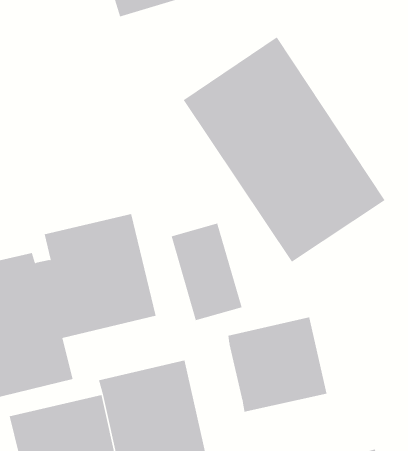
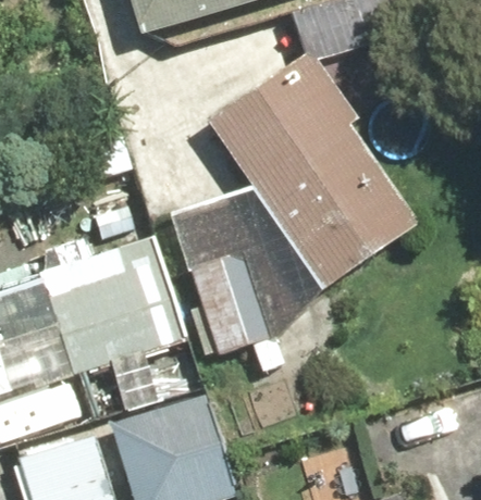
building: [228,317,327,413] -> none

